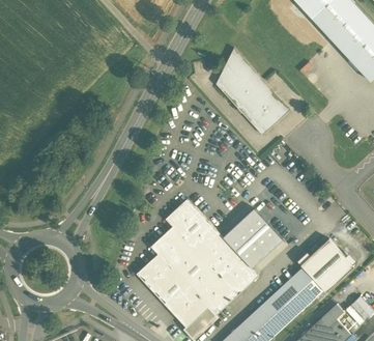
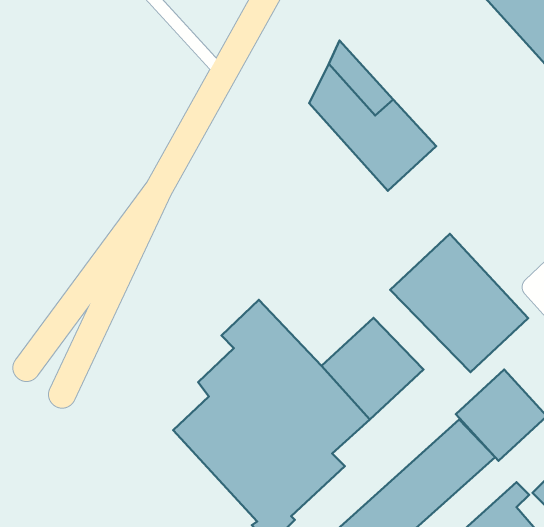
building: none -> [390,234,528,372]

